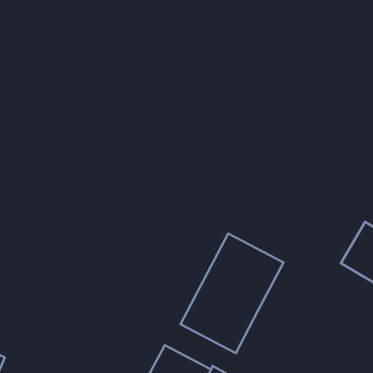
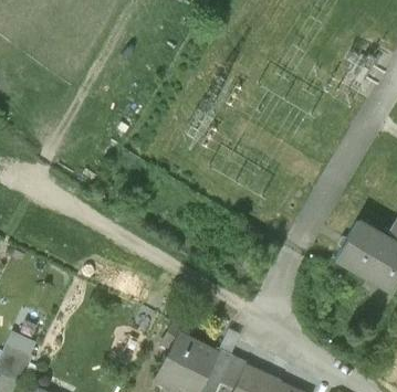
building: [180,234,284,353] -> none

